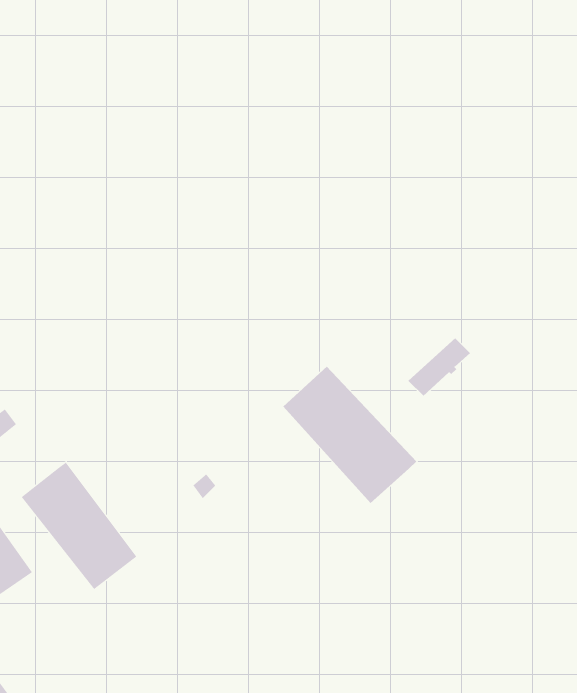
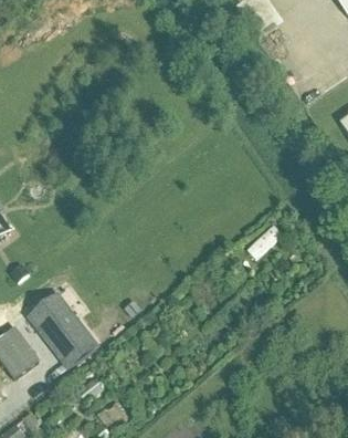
building: [283,366,417,504] -> none

